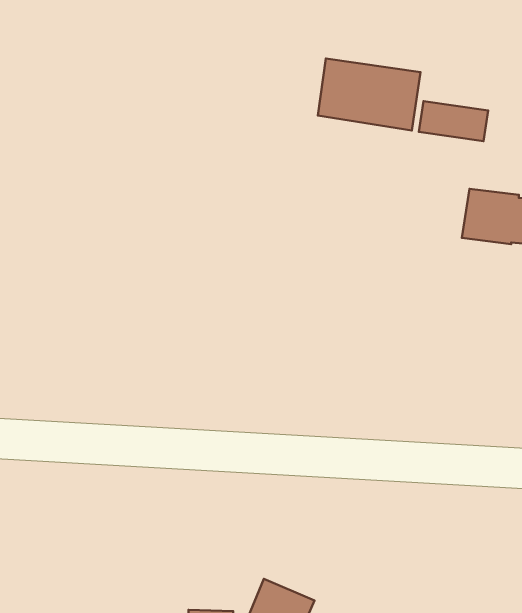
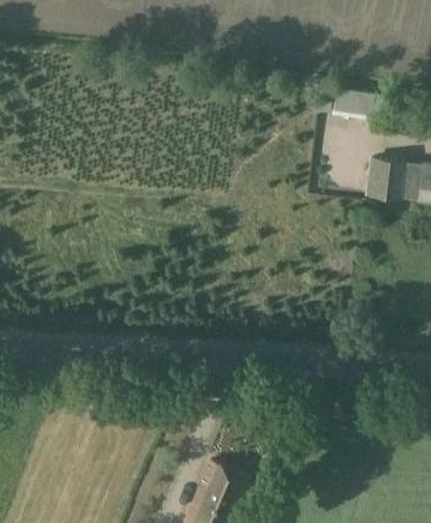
building: [318,59,421,130] -> none

